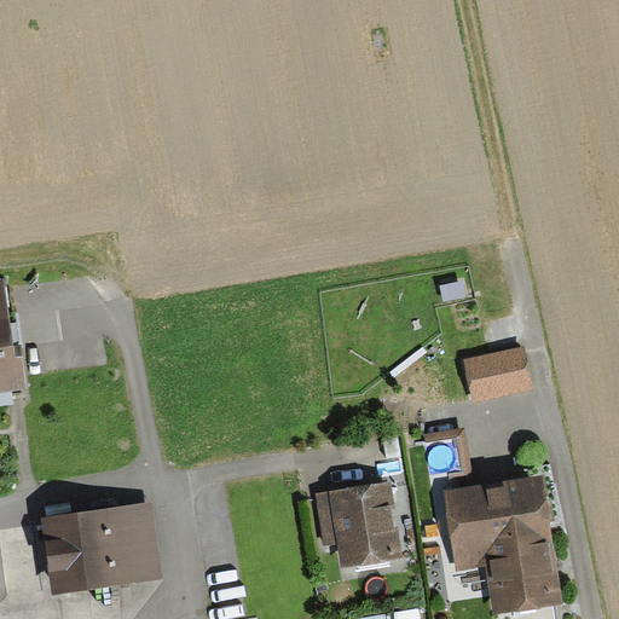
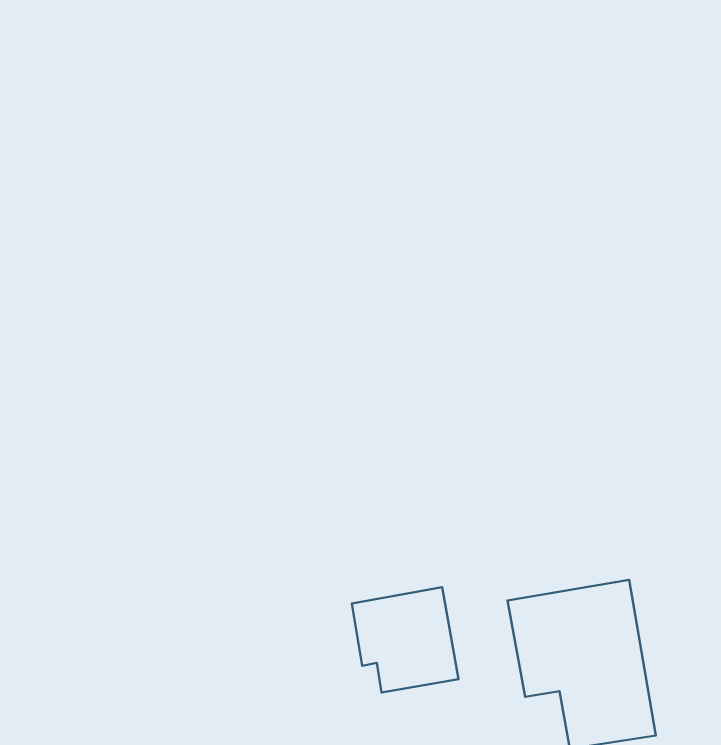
building: [463,346,532,403] -> none
building: [41,502,161,594] -> none

